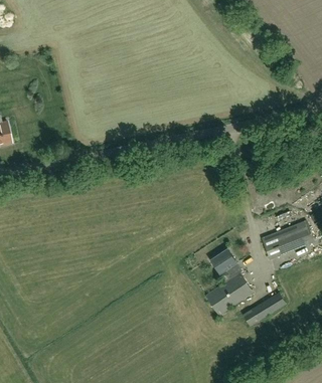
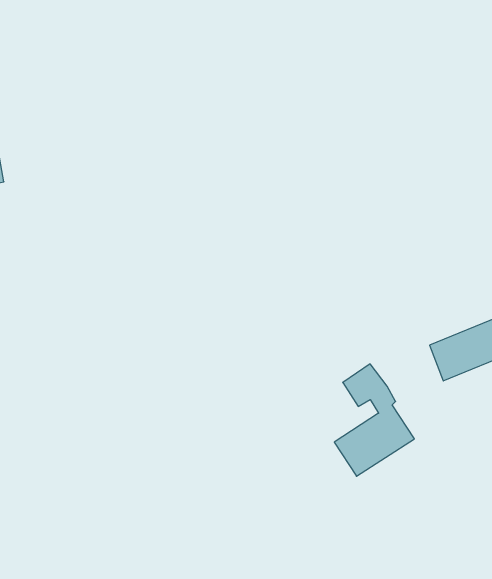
building: [243,293,286,326] -> none

